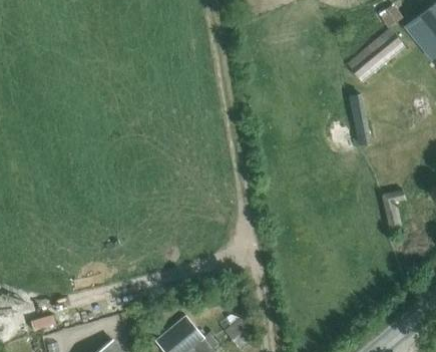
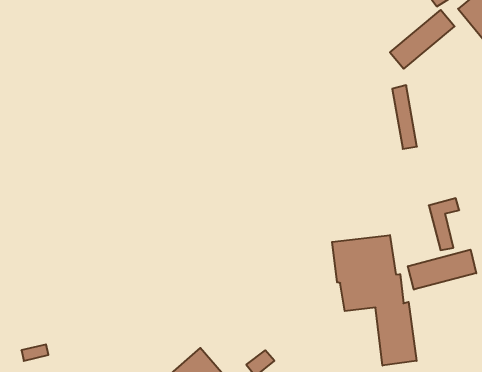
building: none -> [332,235,417,366]
building: none -> [408,250,476,290]

